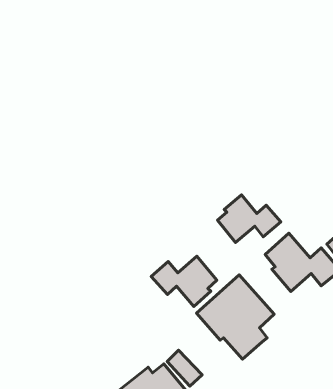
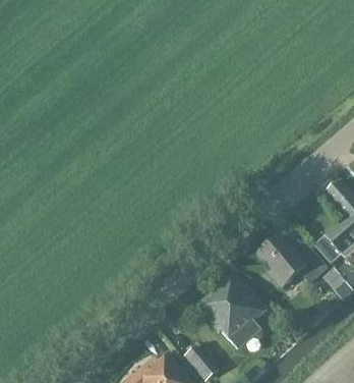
building: [218,195,281,242] -> none
building: [151,256,217,306] -> none

